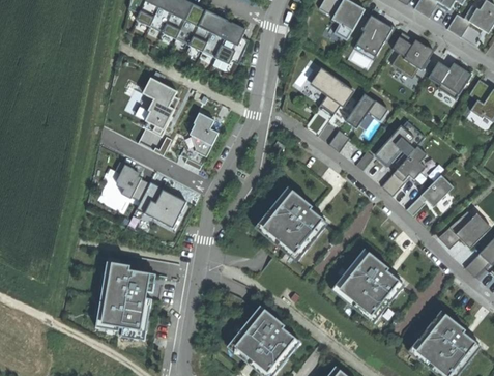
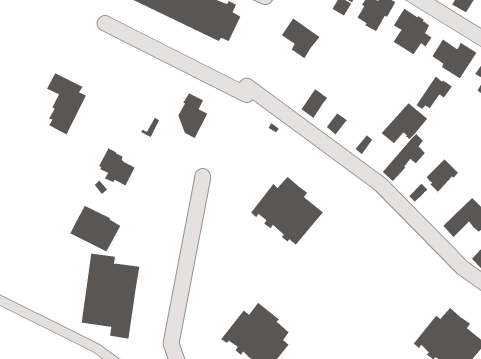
building: [314,70,351,110] -> [281,17,320,59]
building: [142,76,180,135] -> [46,72,87,135]
building: [345,93,380,125] -> [416,75,453,110]
building: [136,181,184,226] -> [69,205,121,252]
building: [333,252,403,318] -> none

